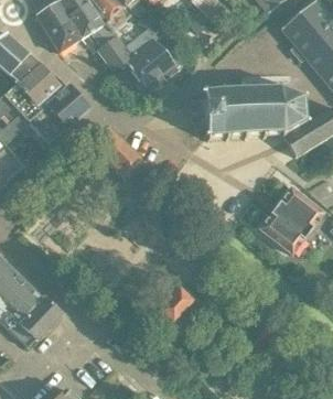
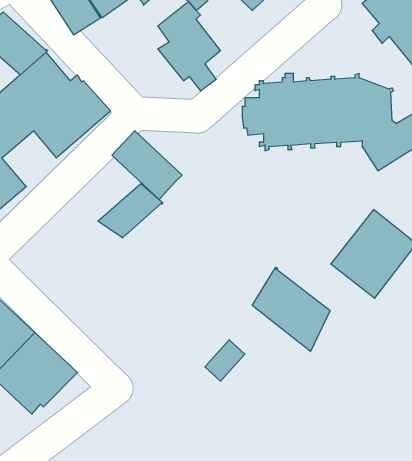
building: [97,35,131,71] -> none
building: none -> [98,184,163,238]
building: none -> [252,267,330,352]

